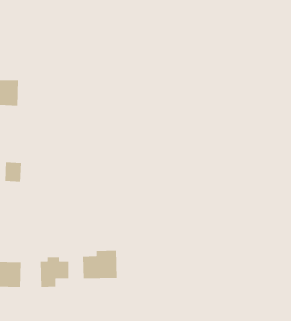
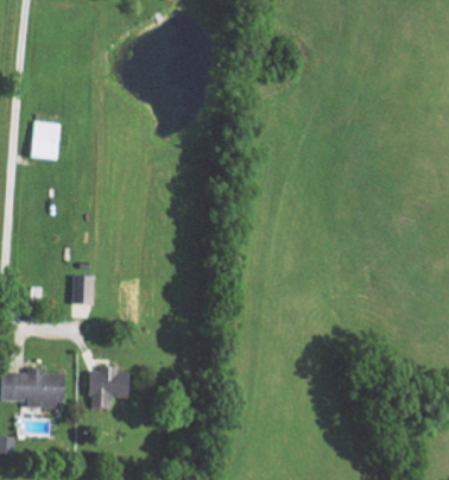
building: [4,162,22,182] -> [70,274,94,303]
building: [82,250,118,279] -> none

